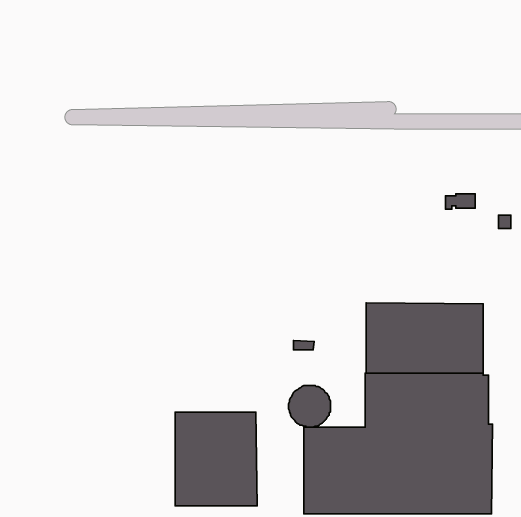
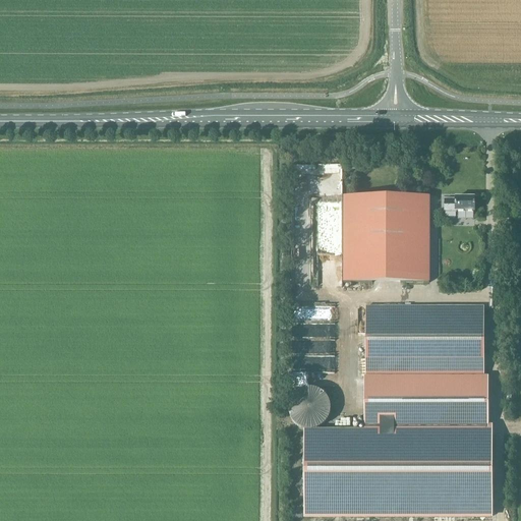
building: none -> [343,192,429,279]
building: [175,412,257,506] -> none

